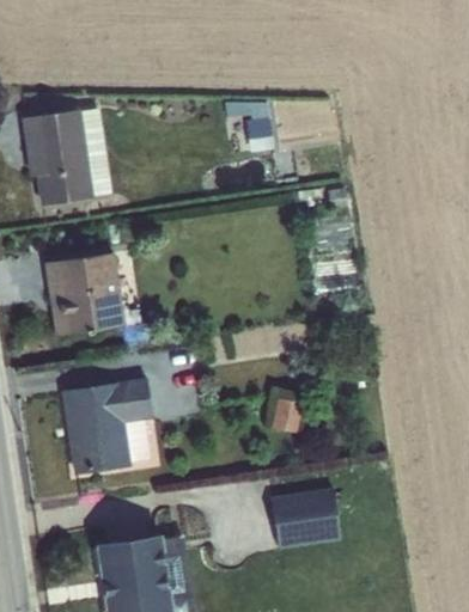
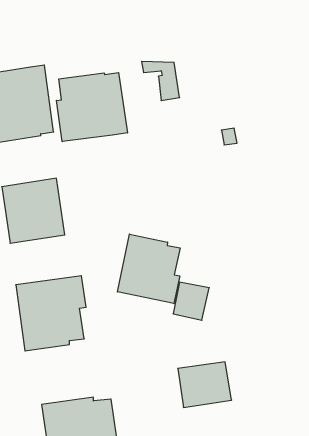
building: none -> [56,73,127,142]
building: none -> [117,234,180,304]

